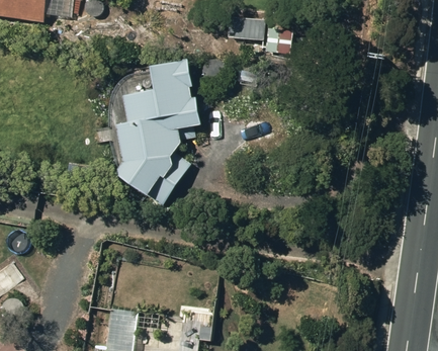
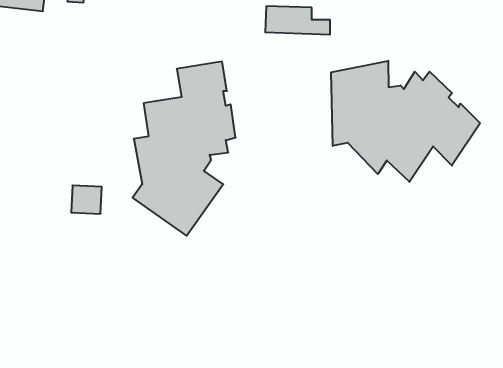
building: none -> [331,61,480,182]

